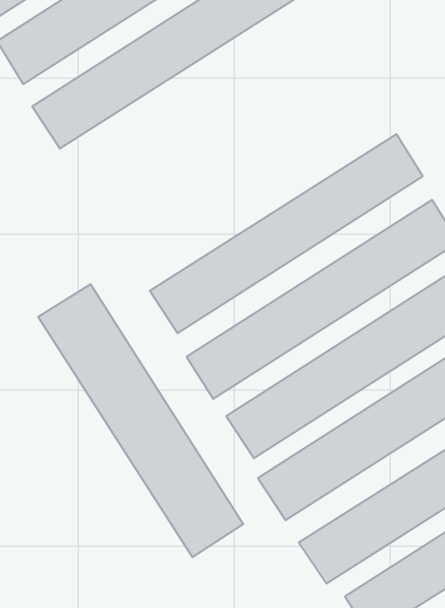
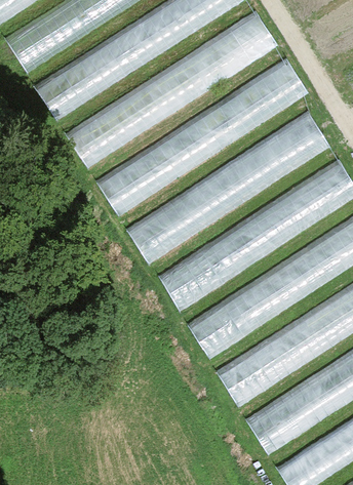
building: none -> [66,10,277,165]
building: none -> [95,59,308,214]
building: [38,284,243,557] -> none

